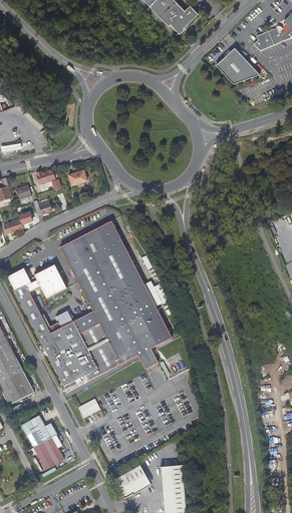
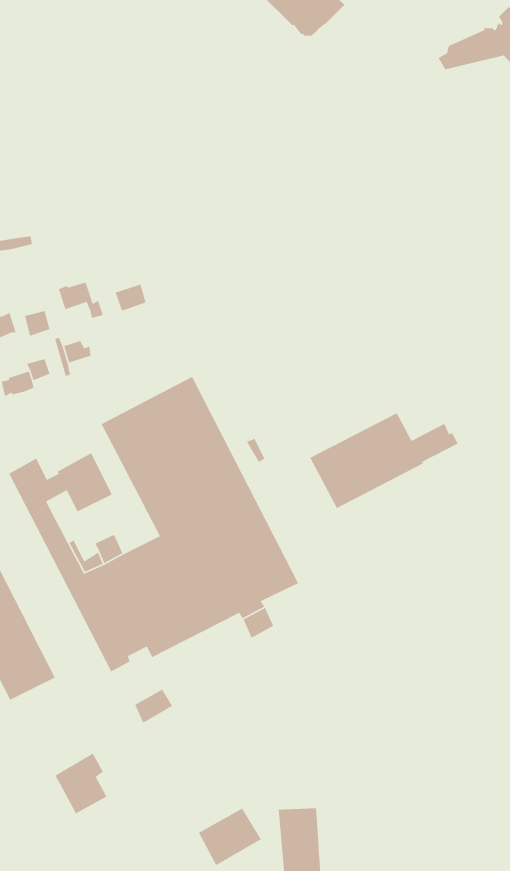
building: [215,48,259,85] -> none
building: none -> [309,412,459,509]
building: [20,415,56,447] -> none

